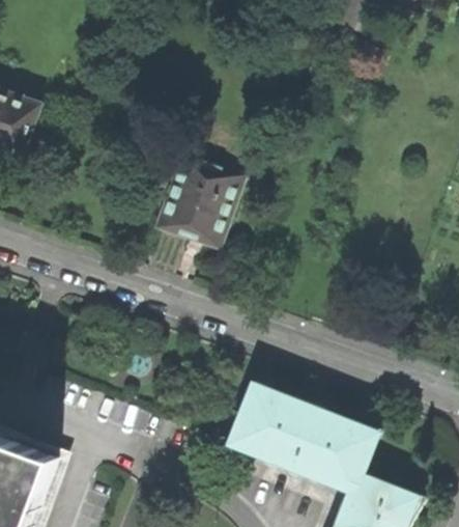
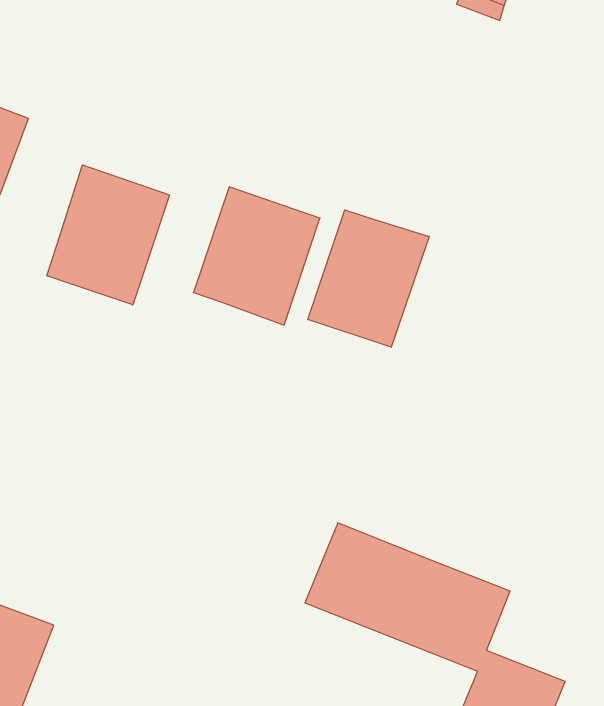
building: none -> [47,165,170,305]
building: none -> [308,210,429,347]

